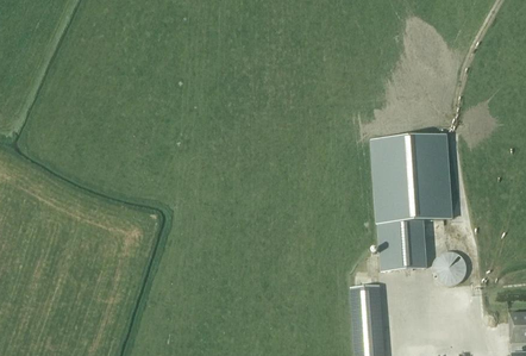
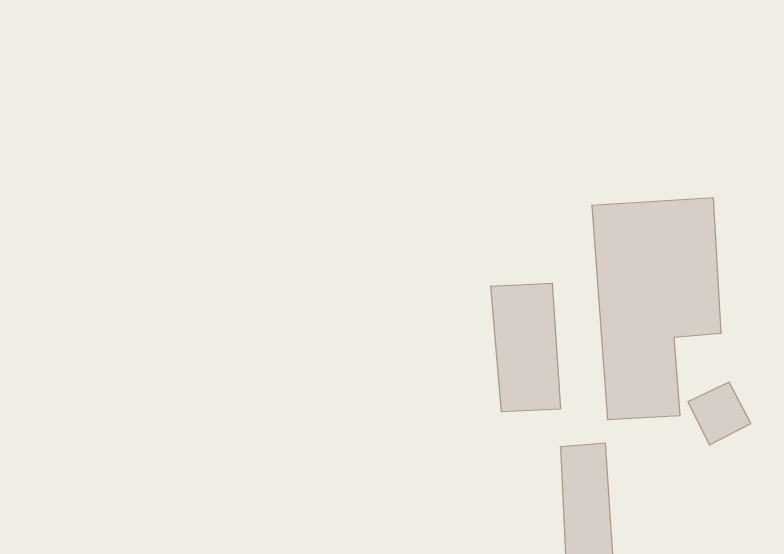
building: none -> [491,283,560,412]

